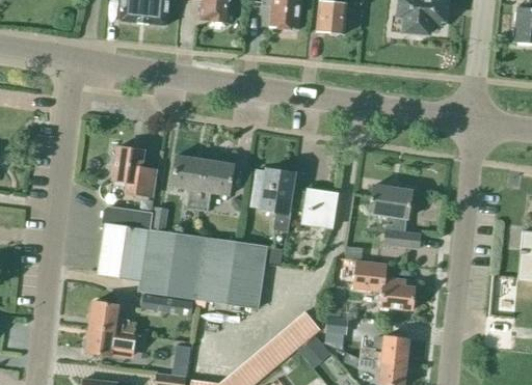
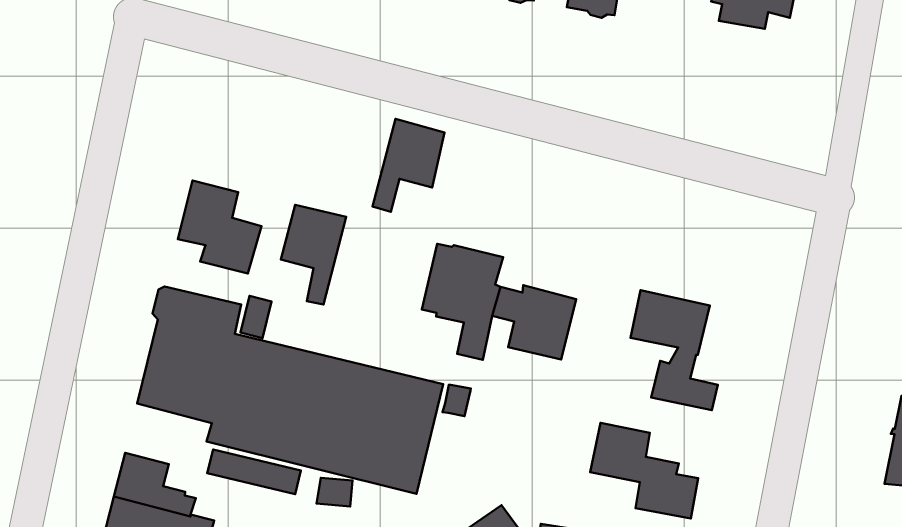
building: [196,159,233,211] -> [373,119,445,212]

